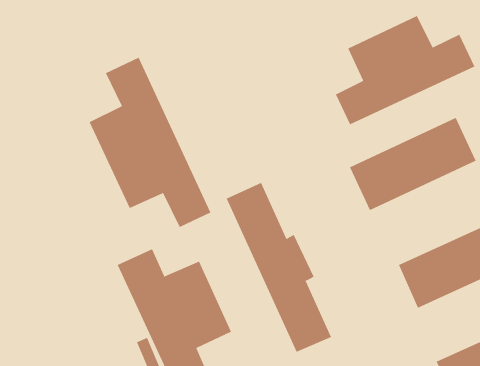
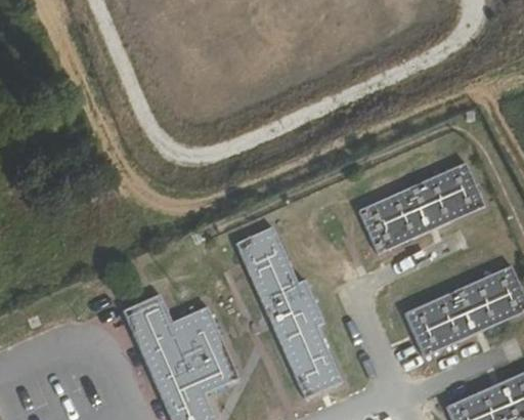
building: [335,15,475,125] -> none
building: [89,57,211,228] -> none

